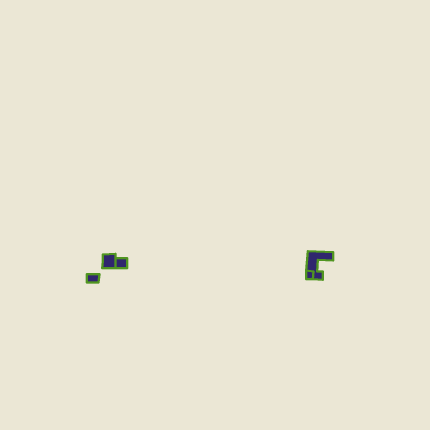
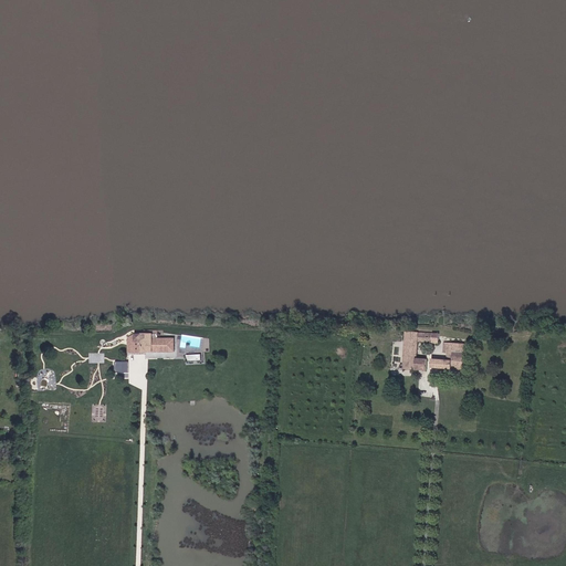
building: none -> [429,343,462,369]

